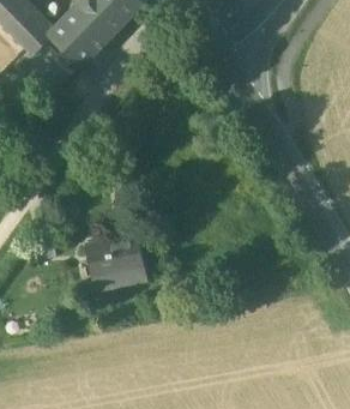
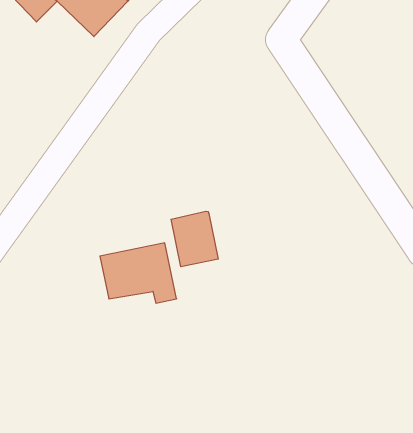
building: none -> [171,211,218,267]

